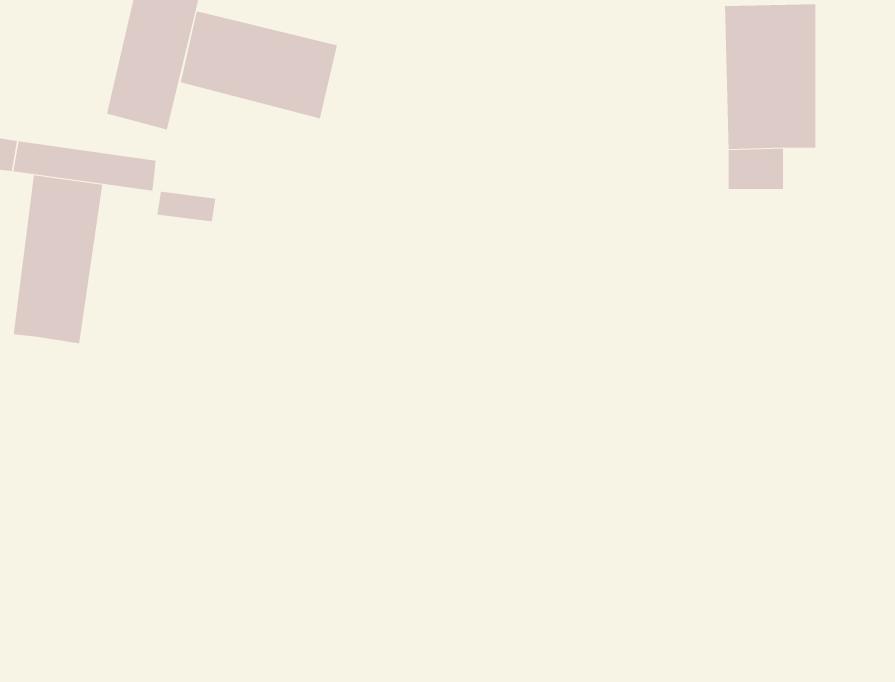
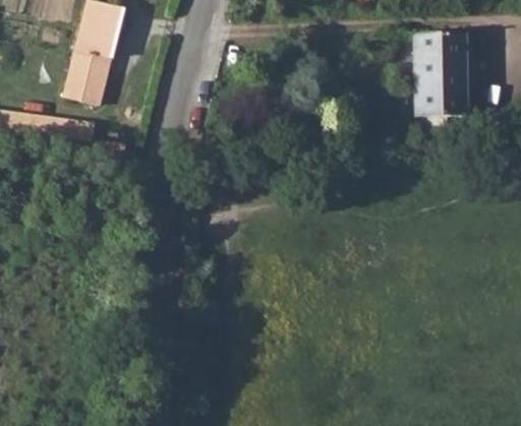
building: [180,11,337,119] -> none
building: [13,174,103,344] -> none

